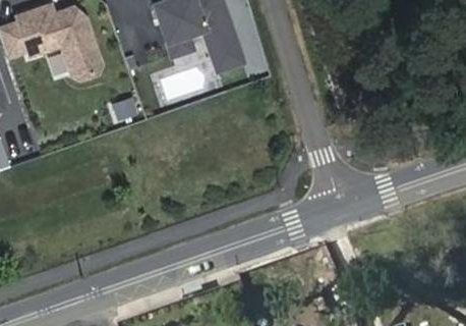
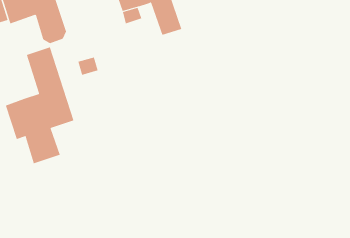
building: none -> [5,46,74,164]

